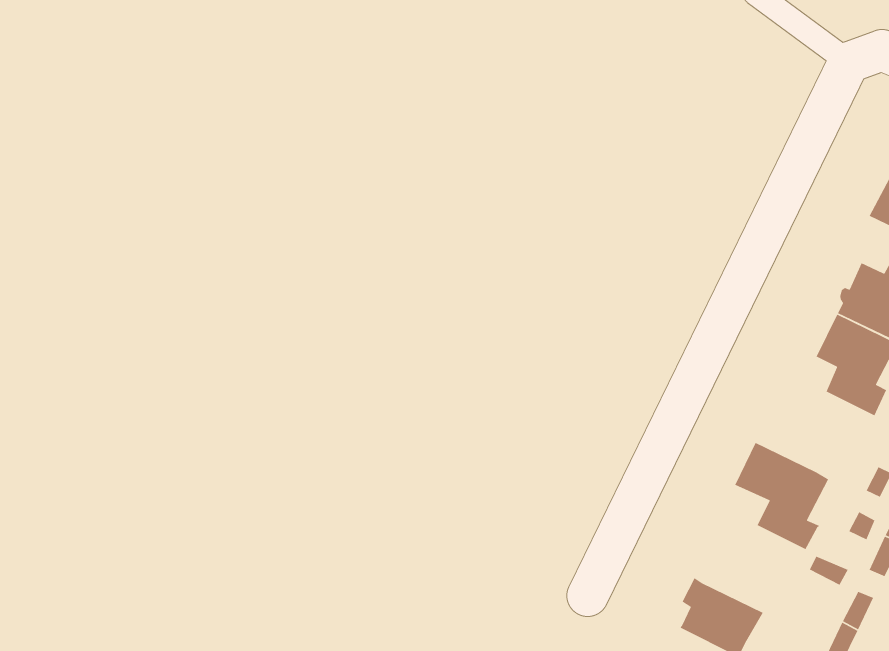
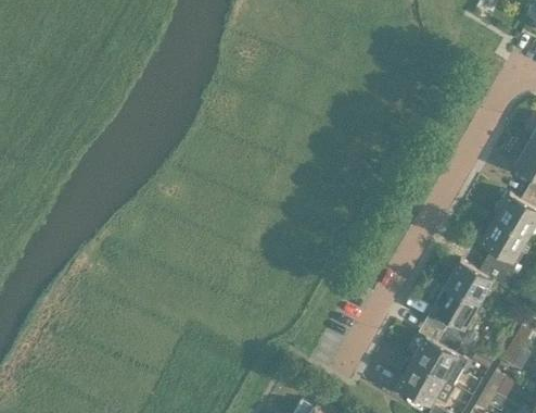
building: none -> [445,263,511,308]
building: none -> [411,335,469,388]

